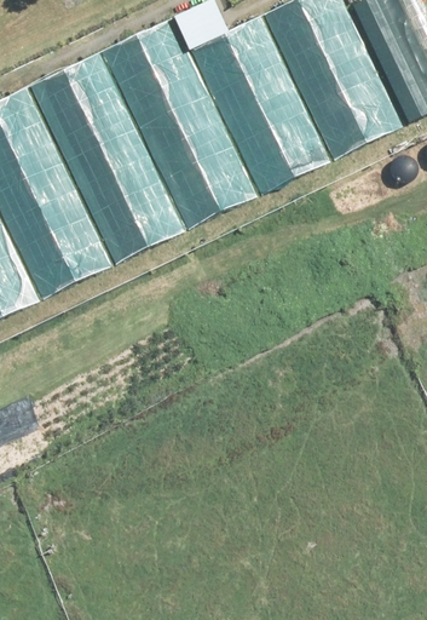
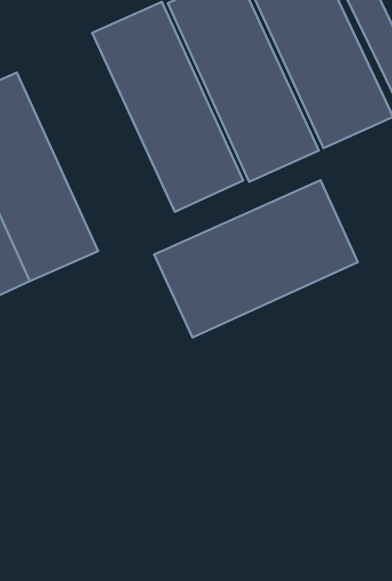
building: [30,52,181,264] -> none
building: none -> [154,180,358,338]

